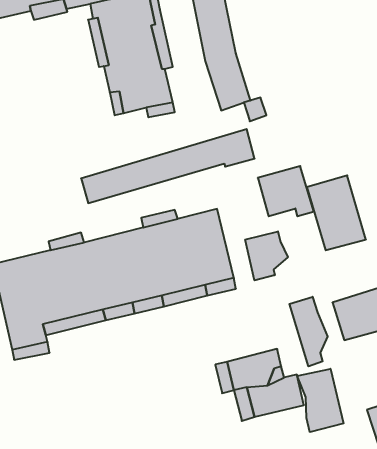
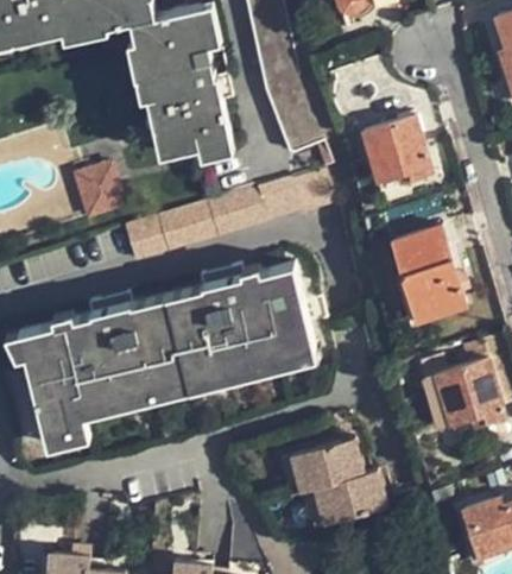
building: none -> [75,172,120,215]
building: [258,166,314,216] -> [362,118,430,178]
building: [245,231,288,280] -> none
building: [289,297,328,366] -> none
building: [297,369,344,432] -> none

